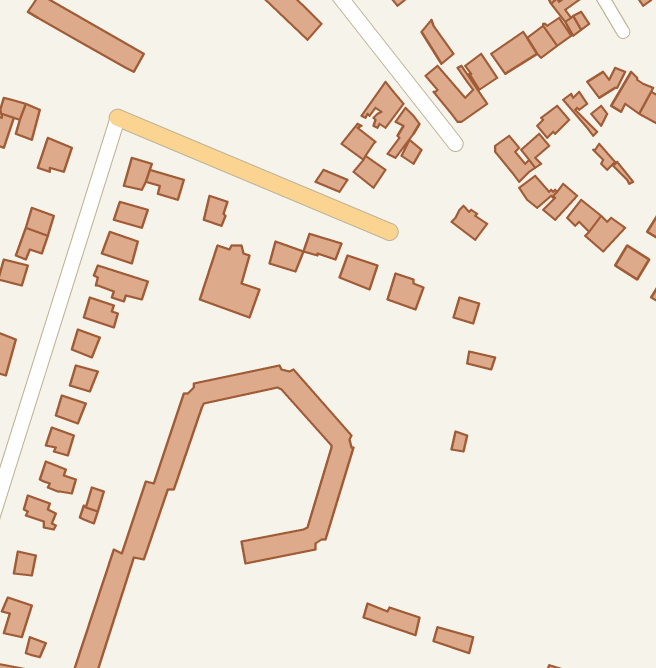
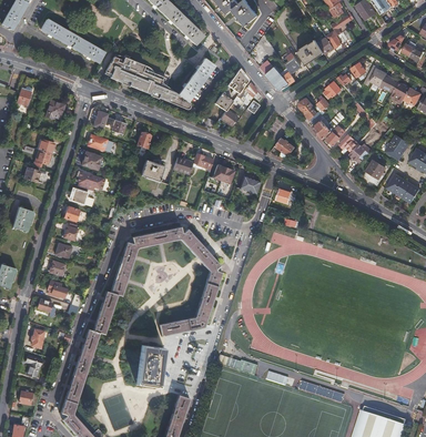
building: none -> [106,57,214,109]
building: none -> [135,344,163,386]

